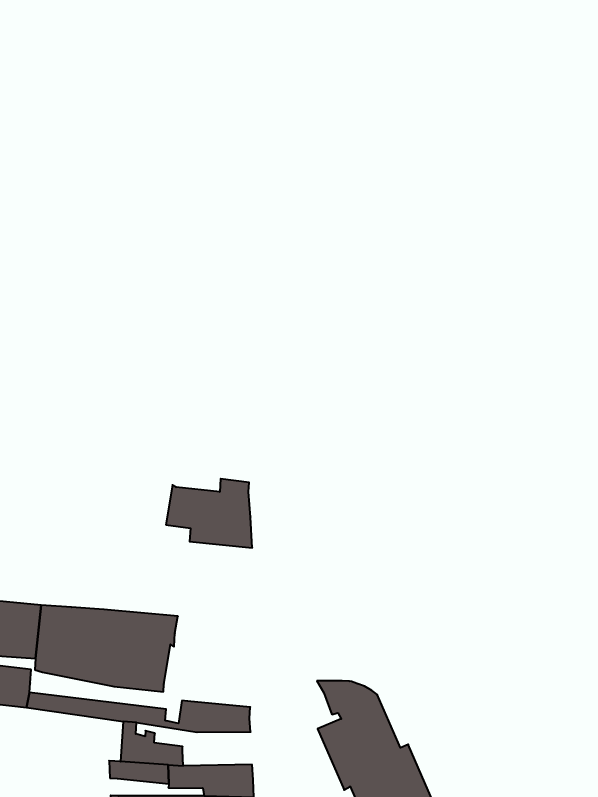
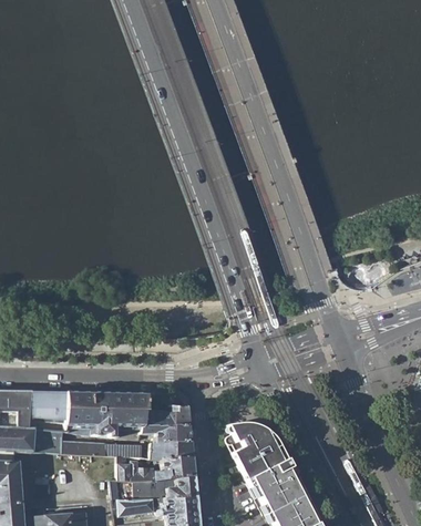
building: [166,479,252,548] -> [143,404,194,443]
building: none -> [156,457,197,479]

